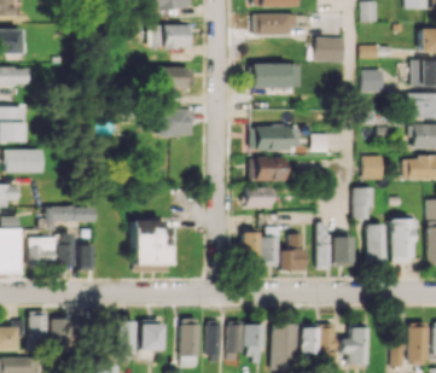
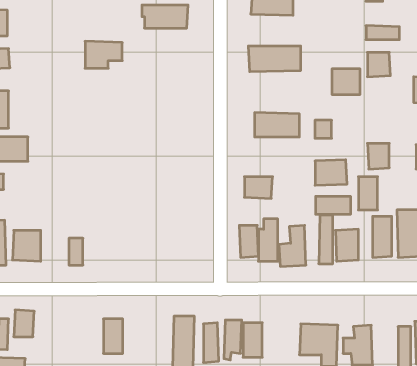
building: [316,37,343,62] -> [332,69,360,94]
building: [155,68,190,93] -> [85,41,122,68]
building: [157,109,193,136] -> none
building: [255,157,285,181] -> [315,160,347,185]
building: none -> [316,196,350,214]
building: [47,206,94,228] -> none
building: [132,220,168,273] -> none
building: [57,233,75,270] -> none
building: [52,316,74,352] -> none
building: [138,322,161,350] -> none
building: [269,324,296,355] -> none

